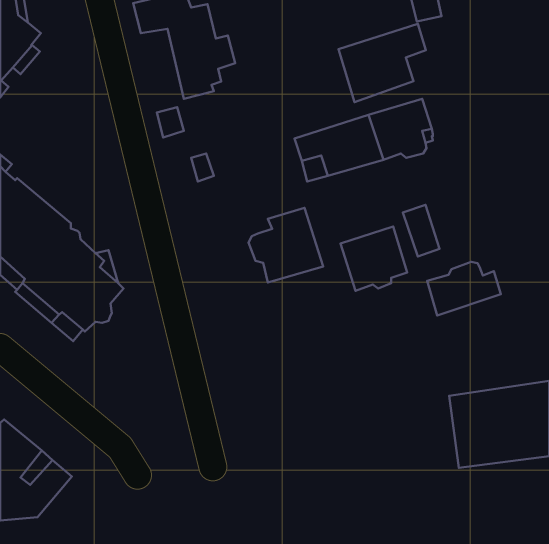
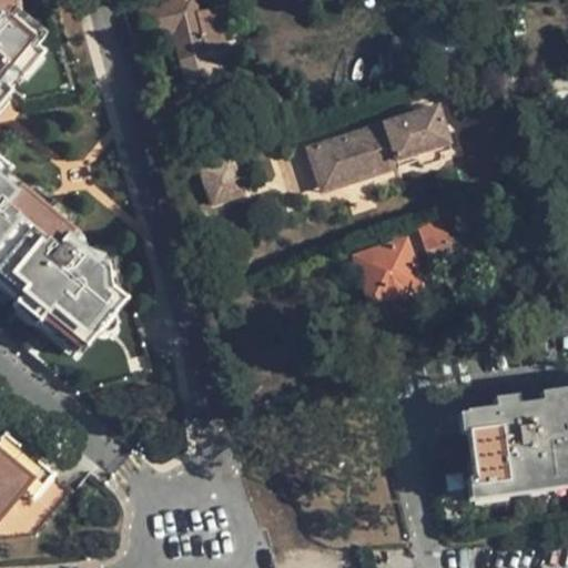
building: [338,24,426,102] -> none
building: [249,208,323,283] -> none
building: [427,262,501,316] -> none

